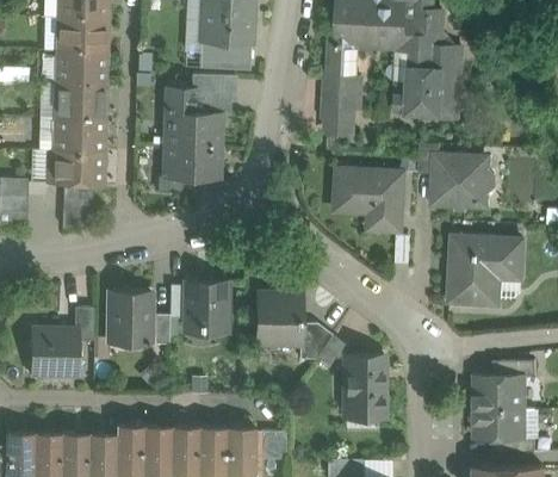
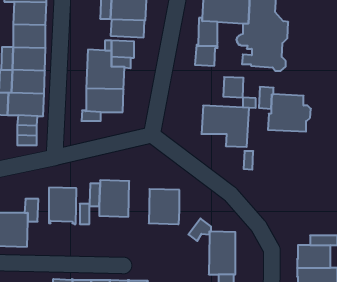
building: [323,111,353,141] -> [223,77,244,97]
building: [450,236,523,305] -> none
building: [299,324,333,360] -> none

